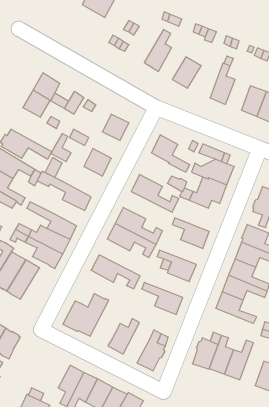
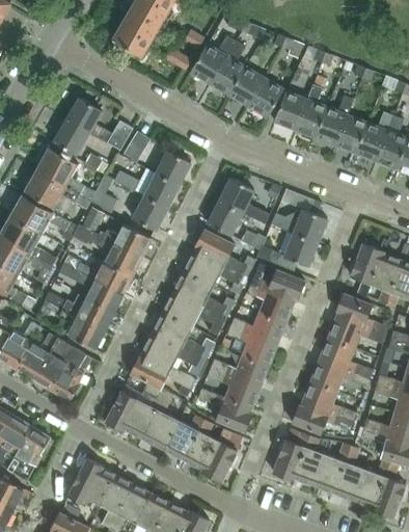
building: none -> [113,9,160,57]
building: none -> [191,36,236,84]
building: none -> [229,65,265,106]
building: none -> [275,90,307,130]
building: none -> [316,96,354,145]
building: none -> [38,149,96,200]
building: none -> [144,174,180,208]
building: none -> [208,201,243,236]
building: none -> [104,224,153,258]
building: none -> [184,250,247,295]
building: none -> [80,261,134,295]
building: none -> [250,269,305,302]
building: none -> [153,312,214,360]
building: none -> [230,313,287,345]
building: none -> [51,349,93,401]
building: none -> [131,352,195,397]
building: none -> [211,355,269,388]
building: none -> [198,389,252,432]
building: none -> [141,391,180,450]
building: none -> [293,401,352,433]
building: none -> [184,420,218,470]
building: none -> [334,446,365,501]
building: none -> [69,458,115,507]

